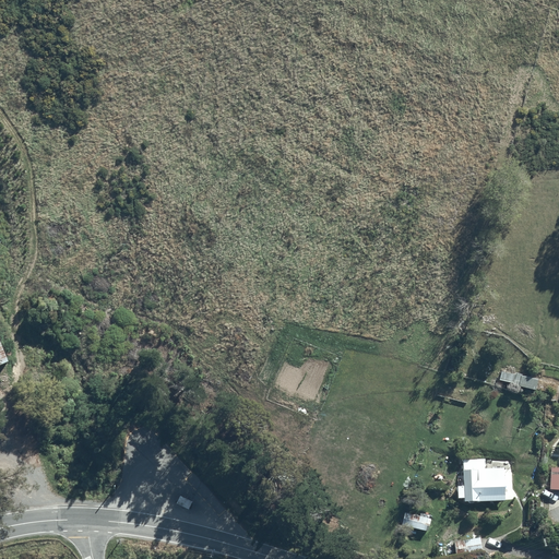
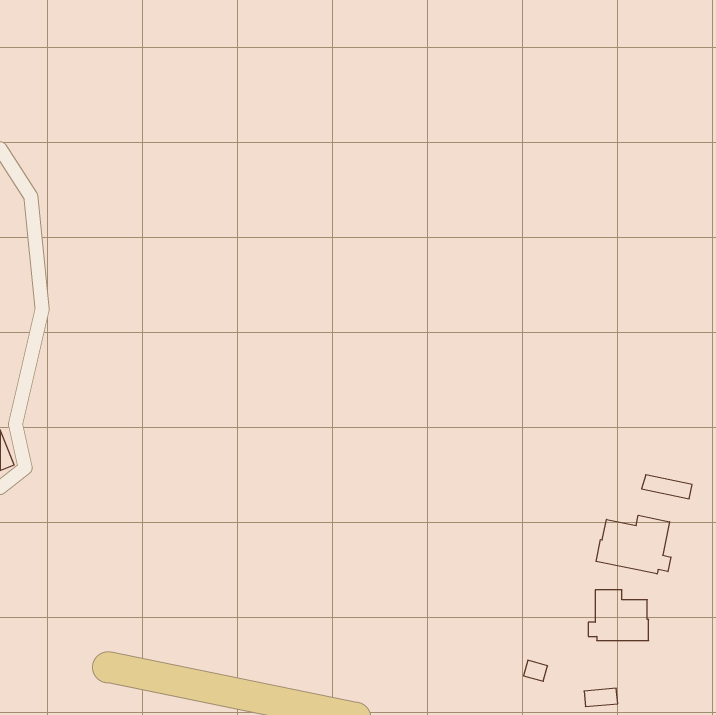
building: none -> [596,515,671,574]

